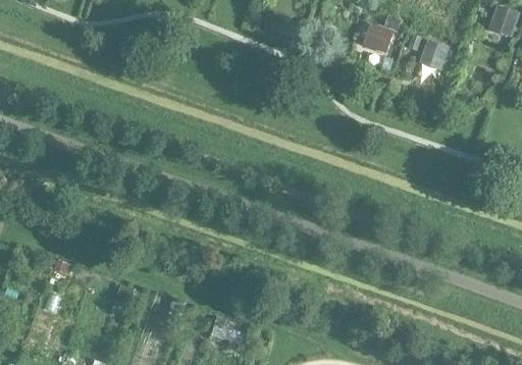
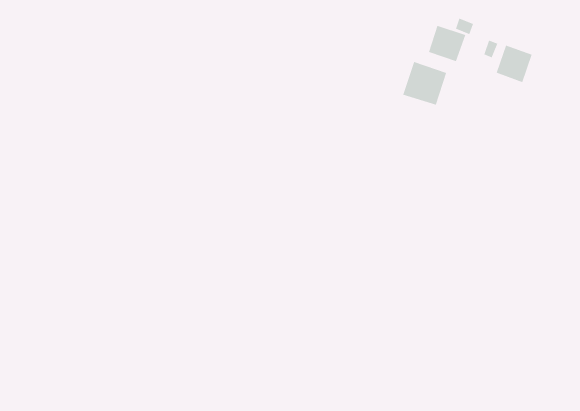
building: none -> [402,61,447,106]

